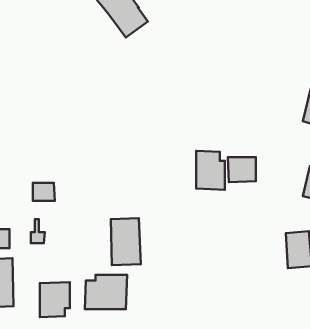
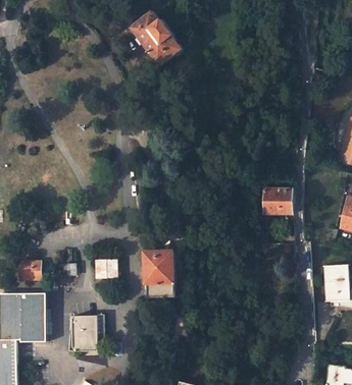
building: [196,151,225,190] -> none
building: [33,183,55,201] -> [96,260,118,278]
building: [85,275,127,309] -> none

